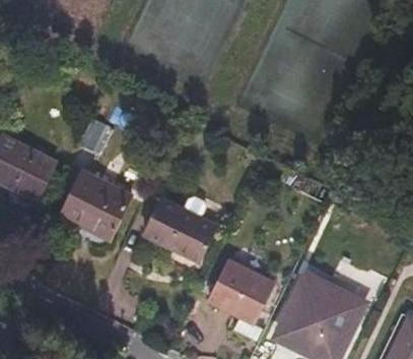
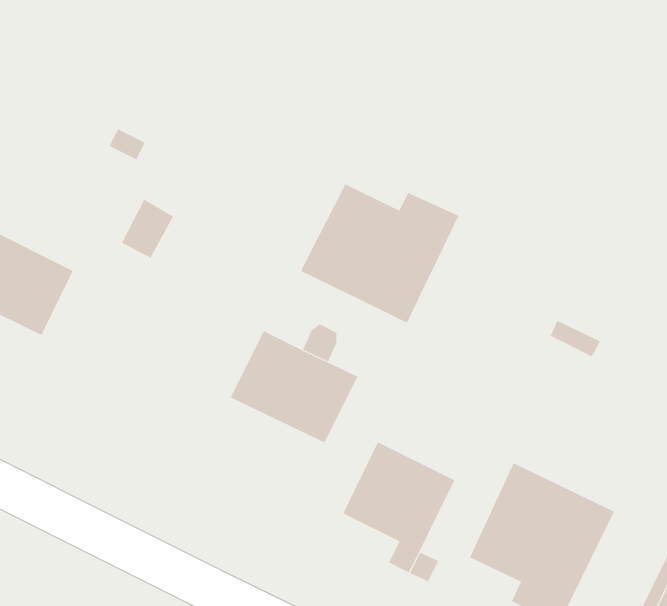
building: none -> [300,184,459,323]
building: [61,174,130,239] -> none

